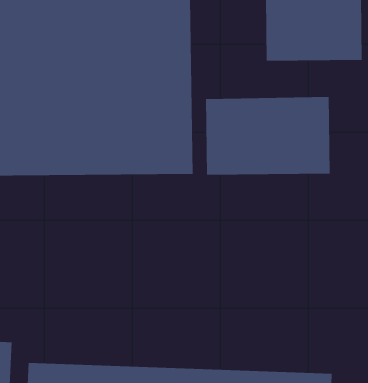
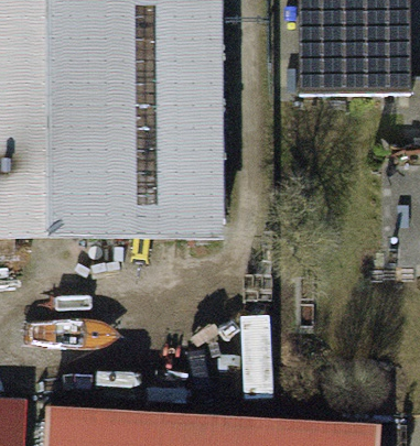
building: [206,96,330,176] -> none

